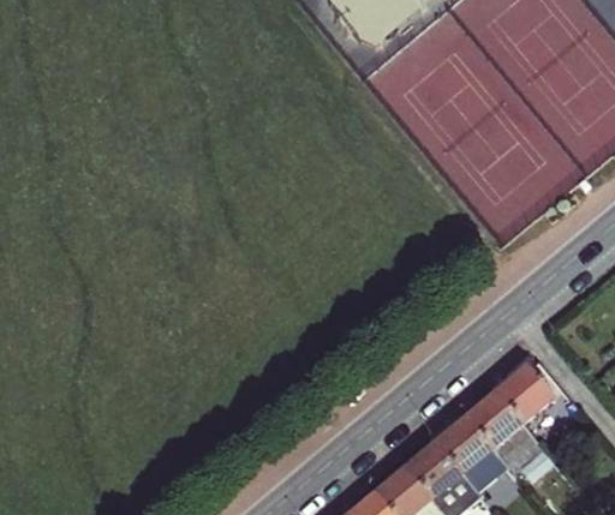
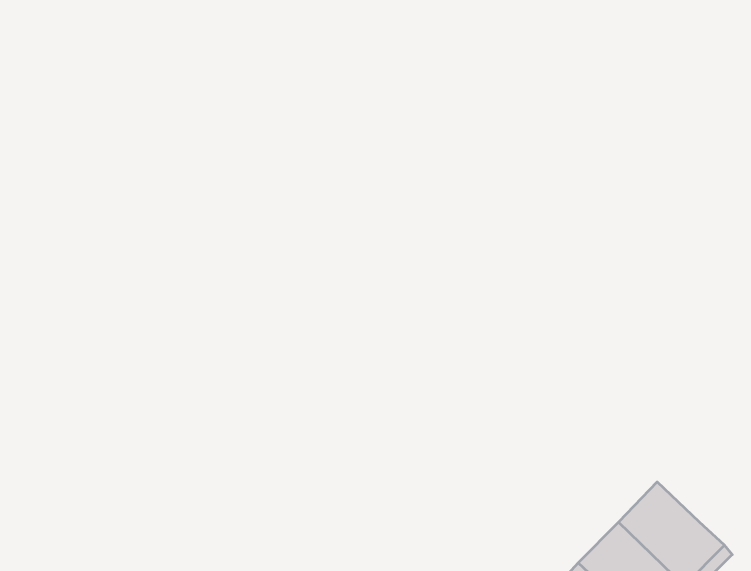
building: [491,367,549,425] -> none

